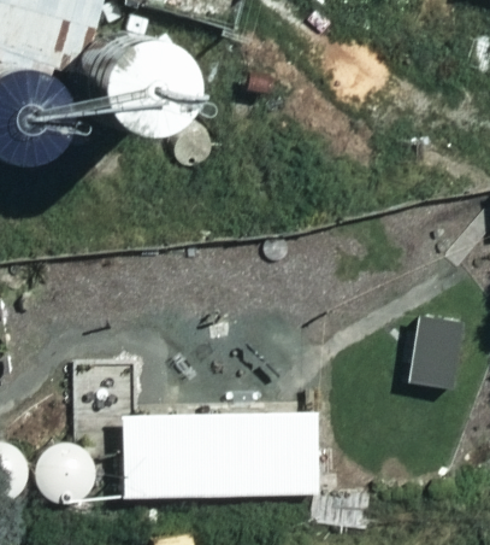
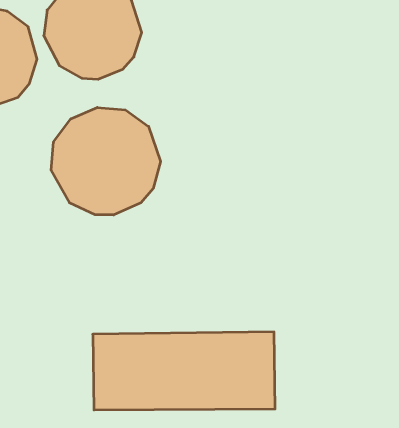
building: none -> [51,107,161,215]

